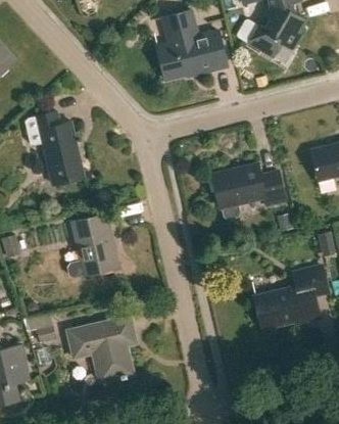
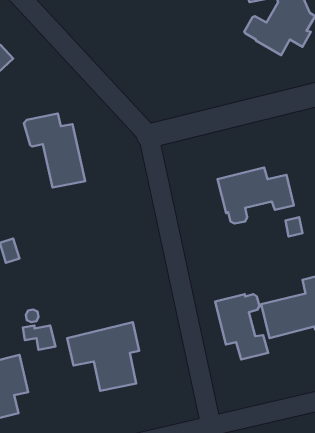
building: [155,10,227,80] -> none
building: [67,214,119,278] -> none
building: none -> [215,294,268,360]

